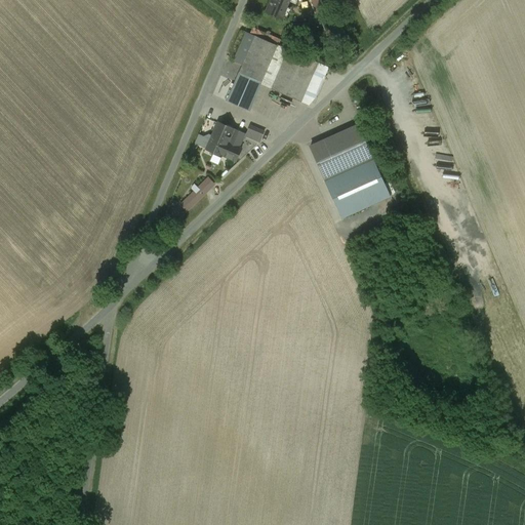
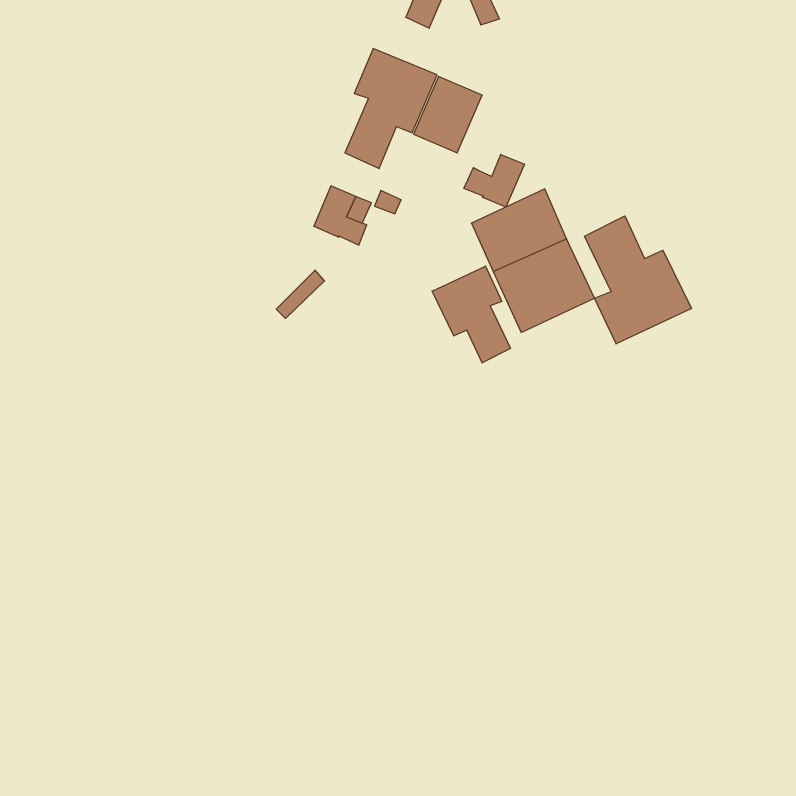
building: none -> [464,154,524,207]
building: none -> [584,216,692,344]
building: none -> [432,266,511,363]

